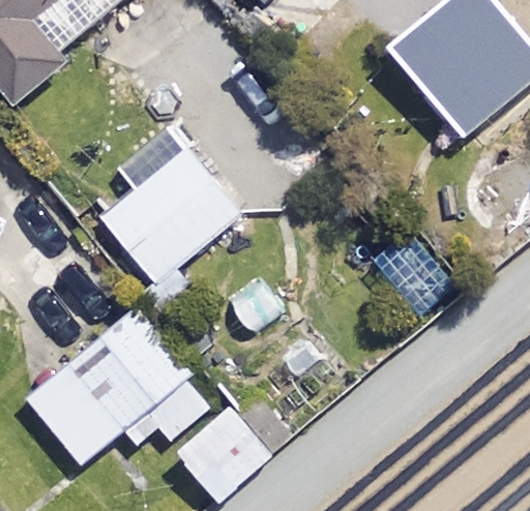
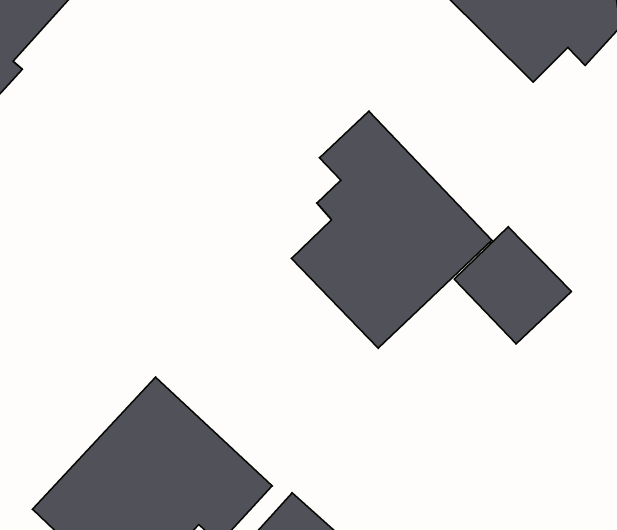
building: none -> [291,111,492,348]
building: [84,128,238,314] -> none

